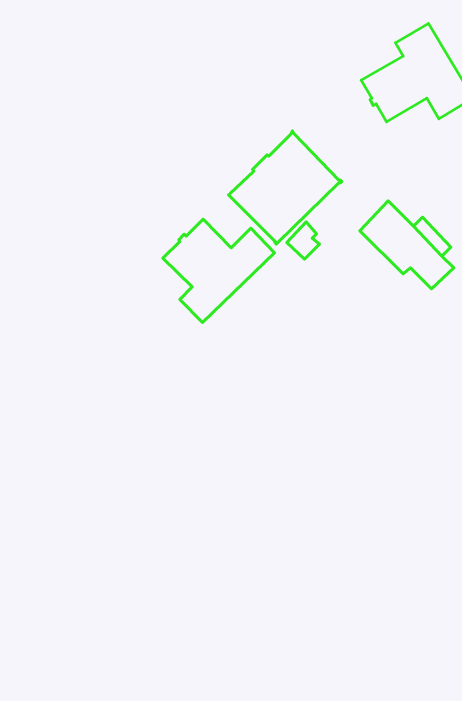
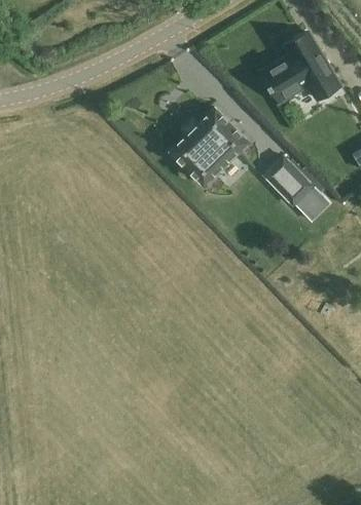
building: [163,219,274,323] -> none

